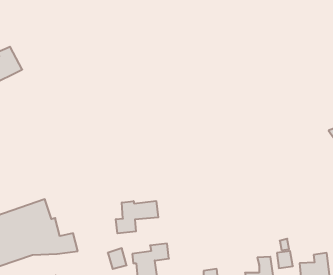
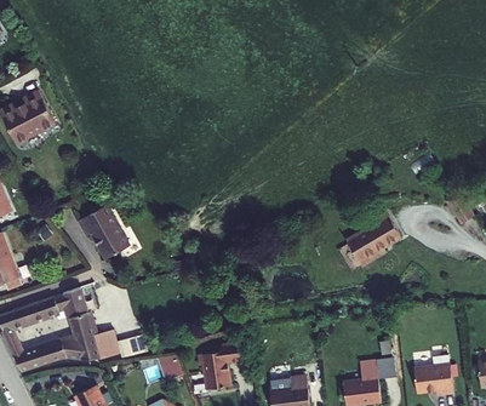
building: none -> [76,205,130,262]
building: none -> [353,212,405,265]
building: [116,201,158,233] -> none

